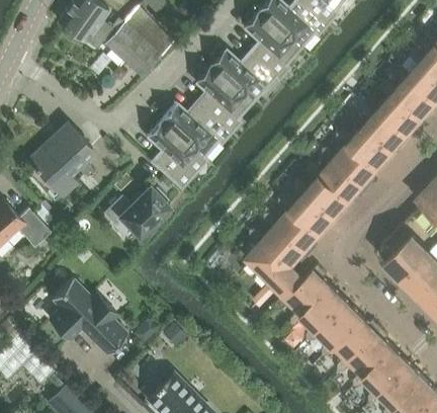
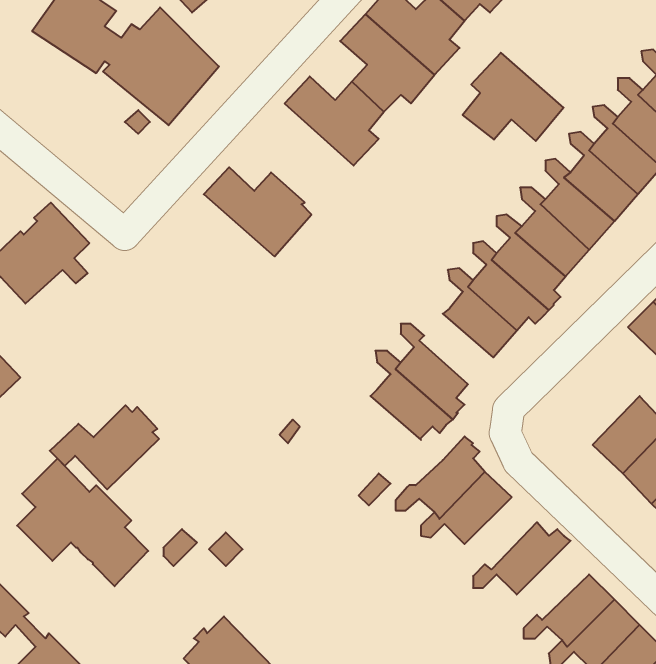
building: none -> [463,53,564,141]
building: [195,65,251,125] -> none
building: [147,119,203,182] -> none
building: [290,180,335,234] -> none
building: [104,185,170,236] -> [50,405,159,489]
building: [380,223,423,270] -> none
building: [246,230,304,296] -> none
building: [307,302,361,345] -> none
building: [338,328,392,376] -> none

